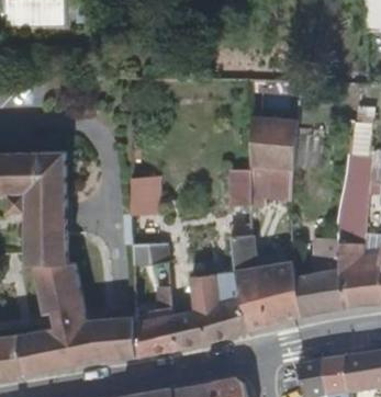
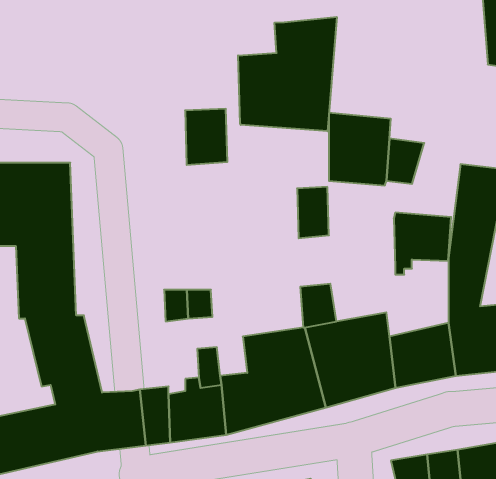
building: none -> [238,17,337,131]
building: [250,163,292,208] -> [394,213,451,275]
building: [130,175,160,216] -> [185,109,227,165]

